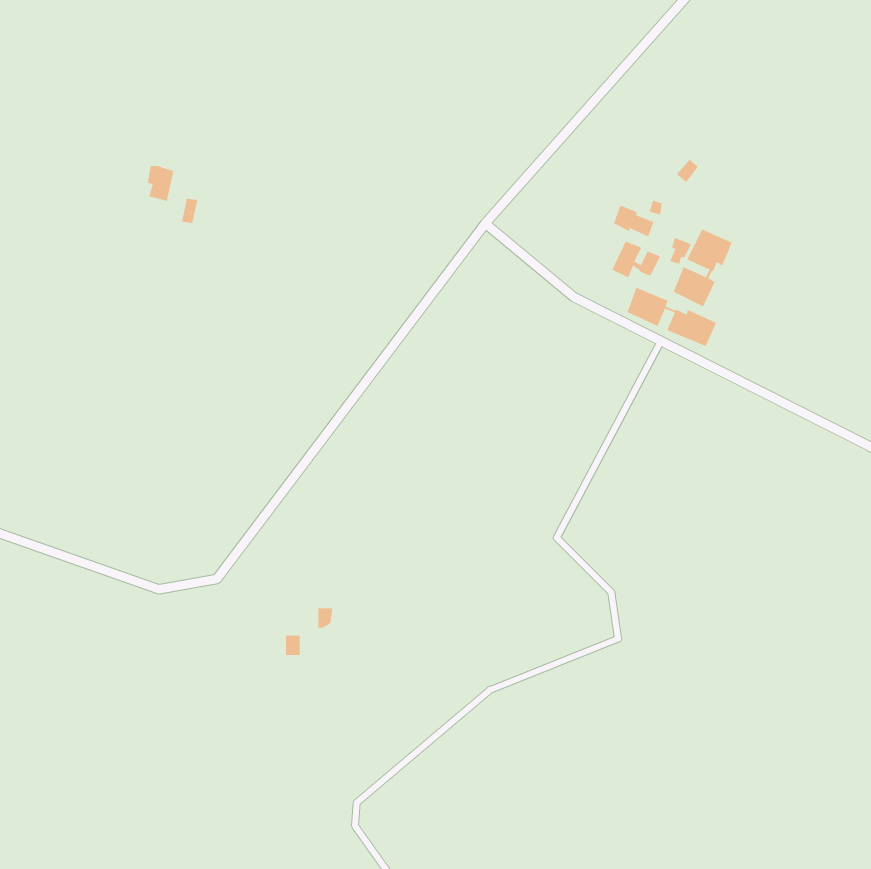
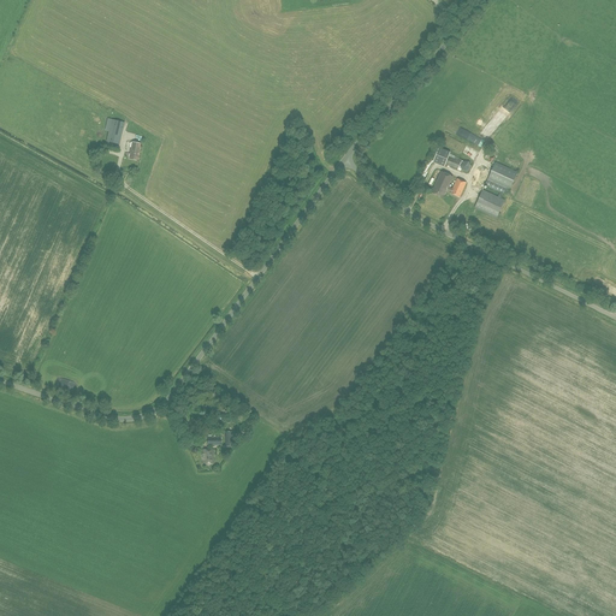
building: [627,287,717,347] -> none

